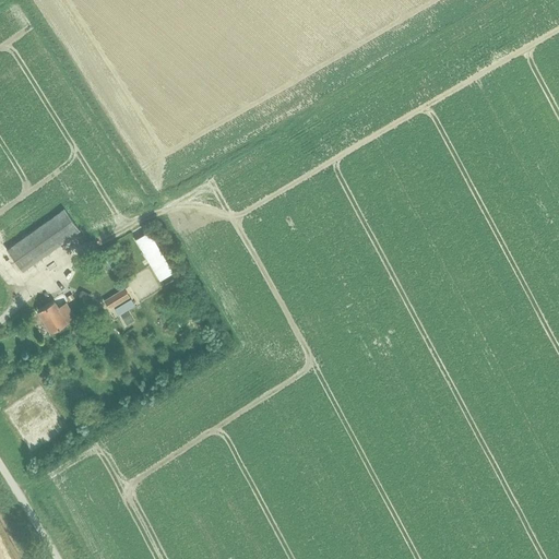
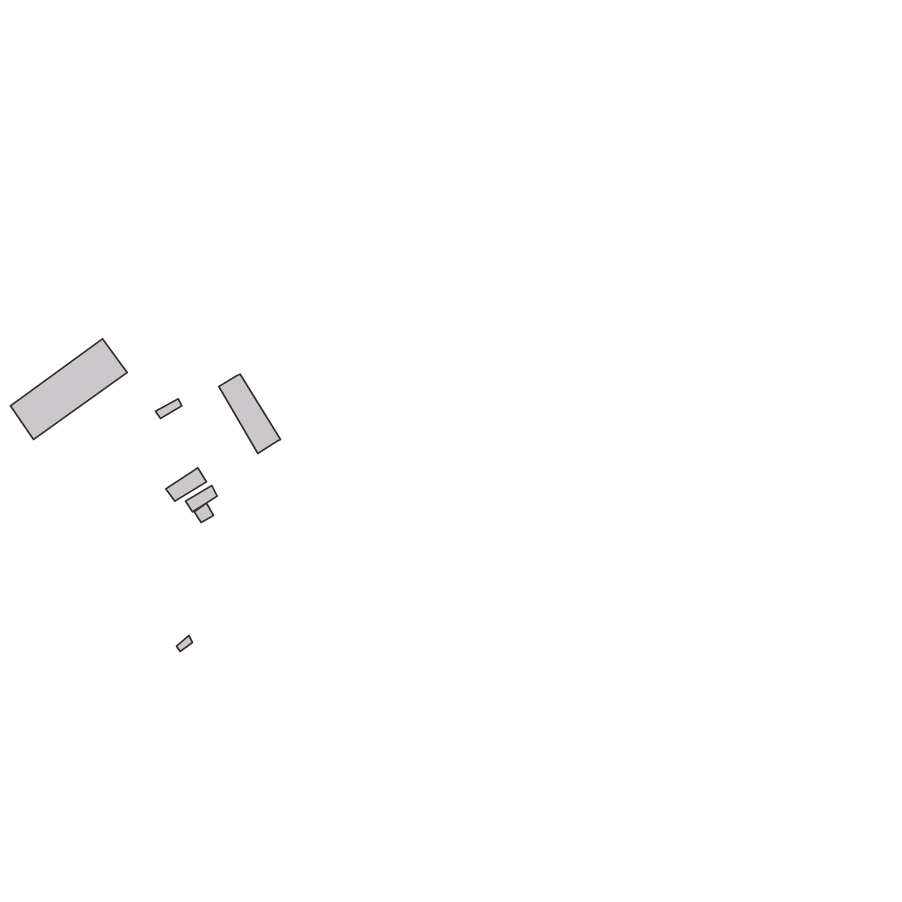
building: [37,302,74,334] -> none

